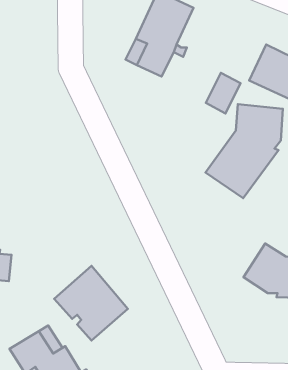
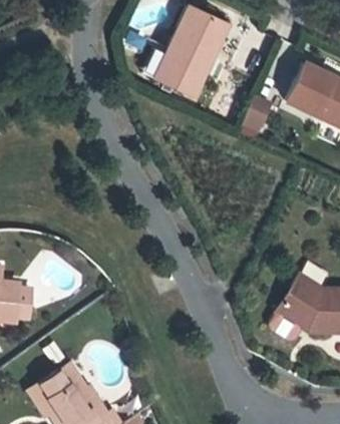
building: [206,104,283,198] -> none
building: [54,266,128,340] -> none

